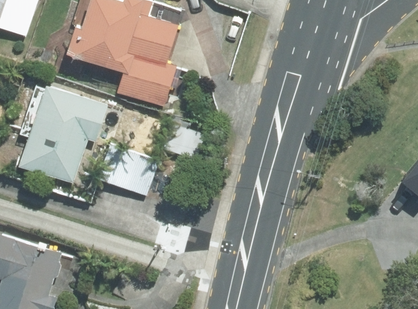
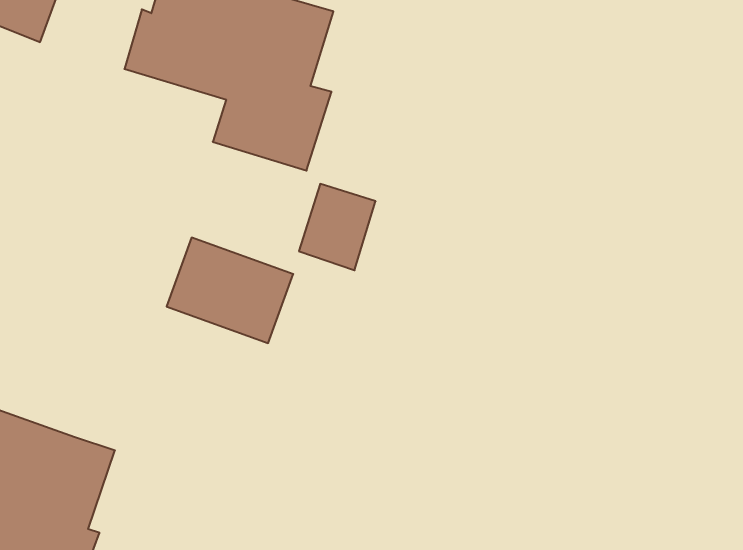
building: [14,77,108,183] -> none

